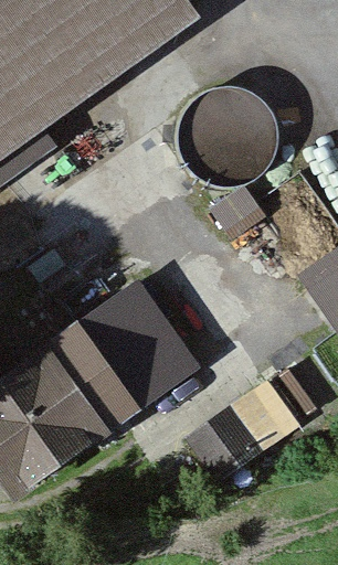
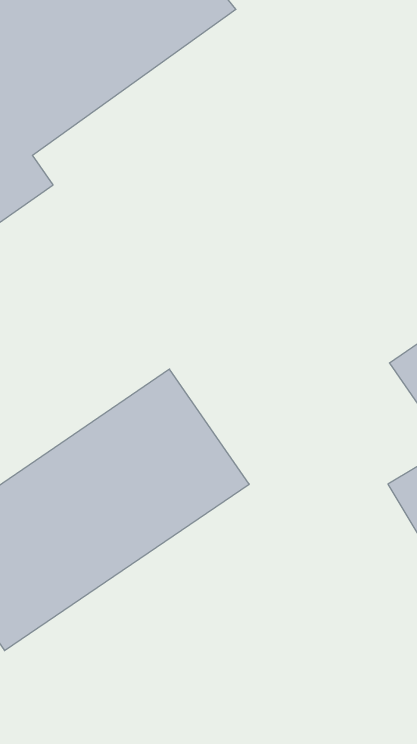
building: [186,98,292,216] -> none
building: [210,377,310,473] -> none

